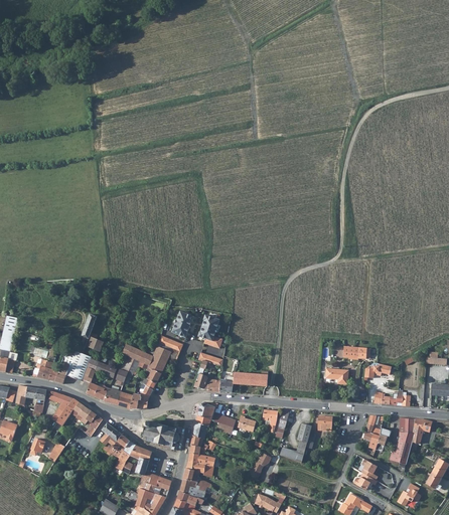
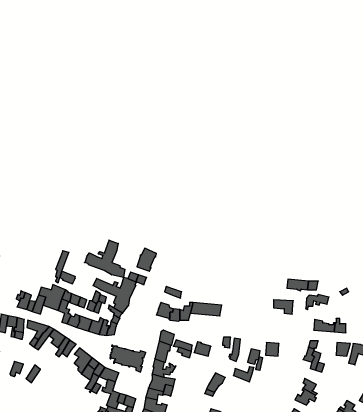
building: none -> [84,240,125,277]
building: [198,315,222,348] -> none
building: [388,432,413,464] -> none

